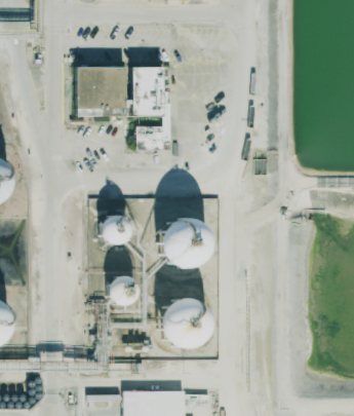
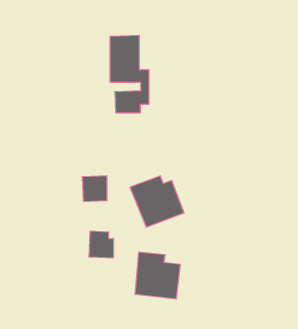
building: [77,65,129,115] -> none

